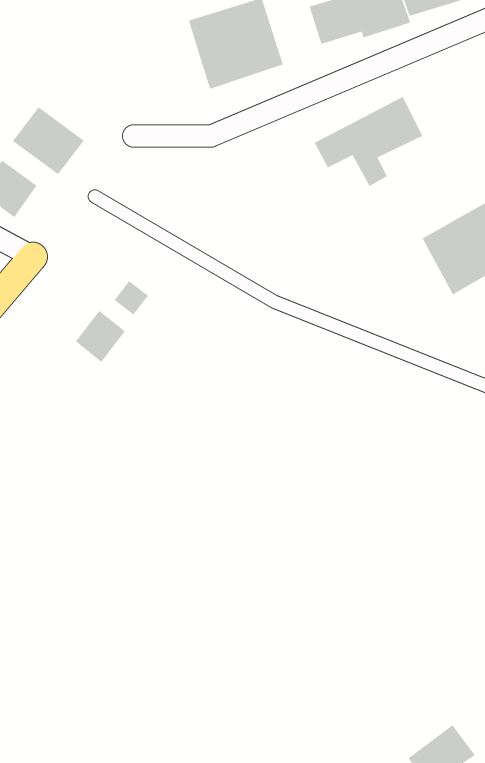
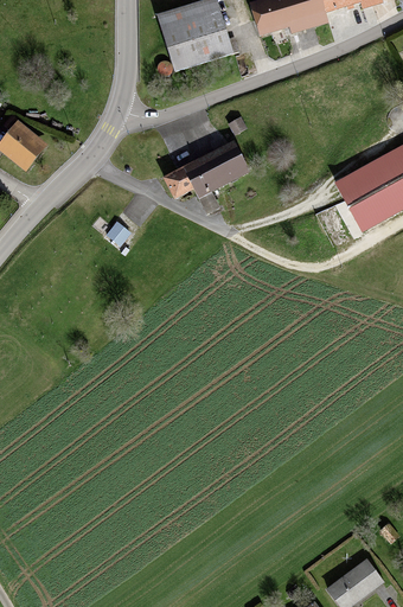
building: [313,96,423,187] -> [164,142,248,212]
building: [12,106,85,175] -> none
building: [75,310,126,363] -> none

